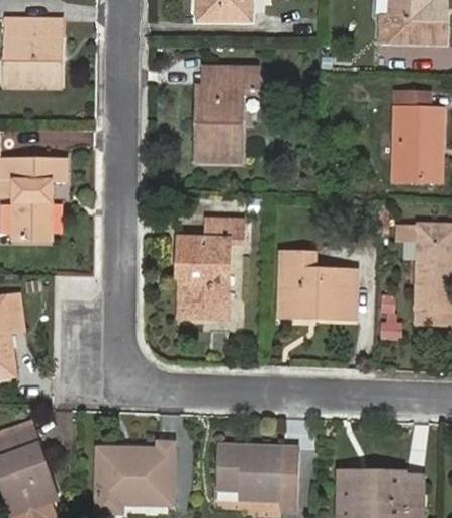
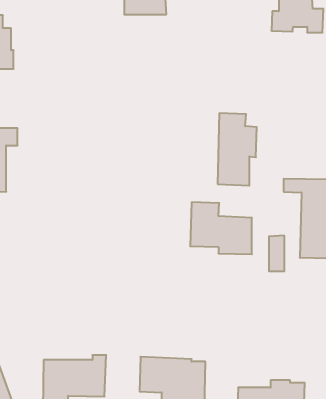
building: [196,68,257,162] -> none
building: [394,92,443,182] -> [218,113,257,186]
building: [178,220,242,315] -> none

